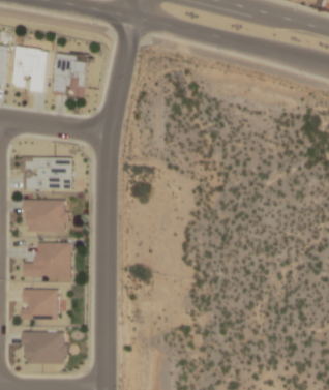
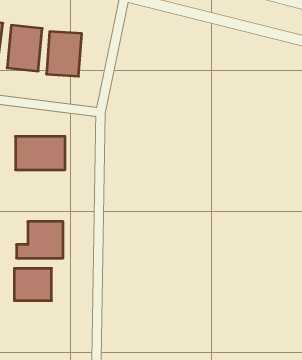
building: [22,200,67,235] -> none
building: [22,332,67,364] -> none

